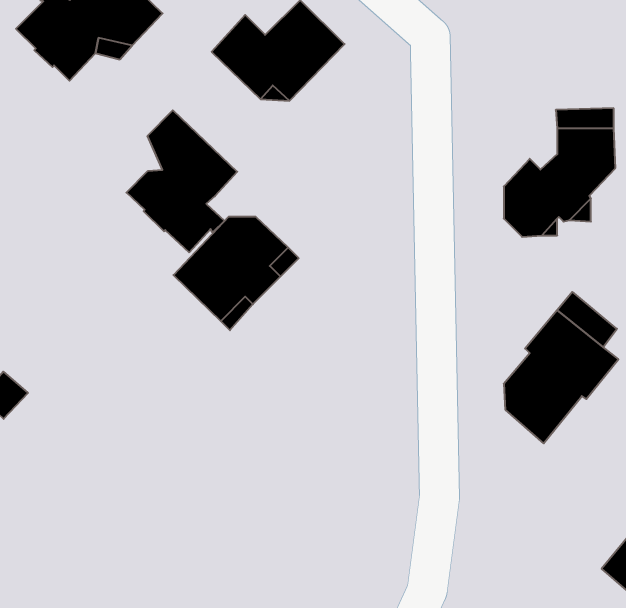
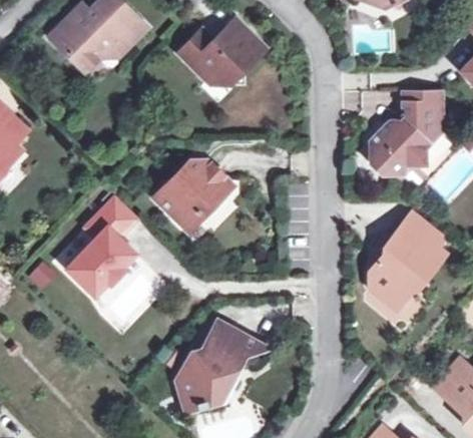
building: [126,110,237,252] -> none
building: none -> [65,195,137,295]
building: none -> [177,321,267,409]

